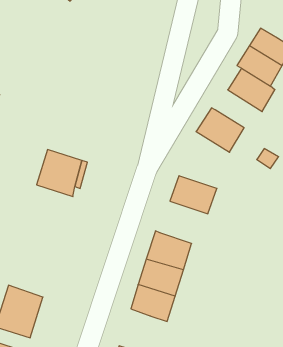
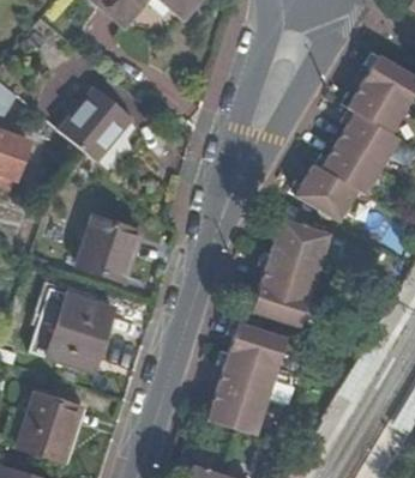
building: none -> [58,86,131,161]
building: none -> [314,137,377,192]
building: none -> [266,219,326,267]
building: none -> [246,284,305,328]
building: none -> [49,291,113,368]

